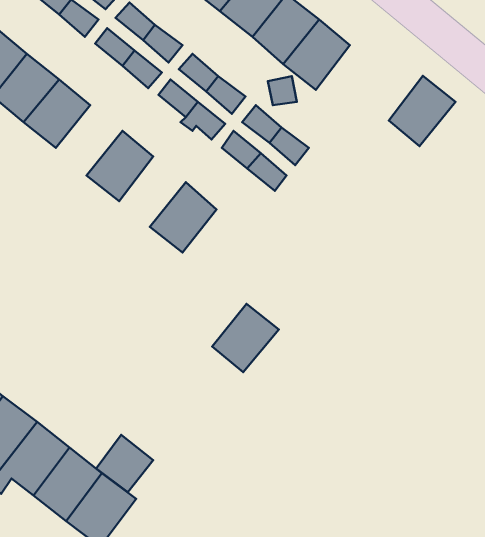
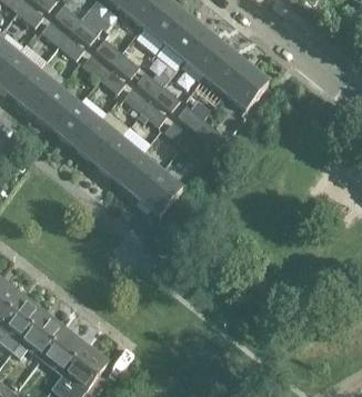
building: [389,76,455,146] -> [224,64,268,110]
building: none -> [56,103,99,149]
building: none -> [97,137,140,182]
building: [212,304,279,372] -> [138,171,181,216]
building: [96,435,153,492] -> none

